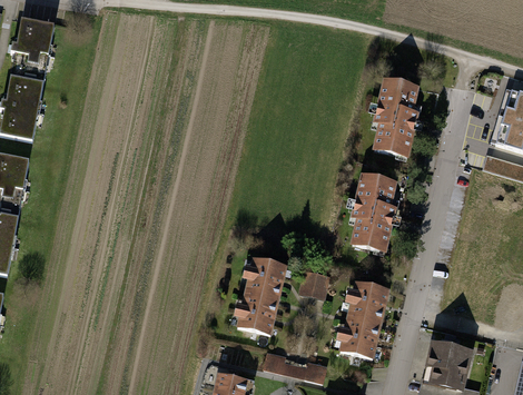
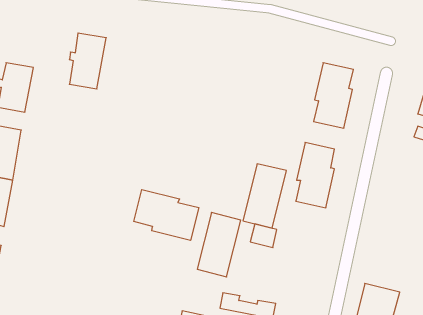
building: [10,20,53,86] -> [69,33,106,89]
building: none -> [134,190,199,240]
building: [338,282,389,357] -> [243,164,286,228]

